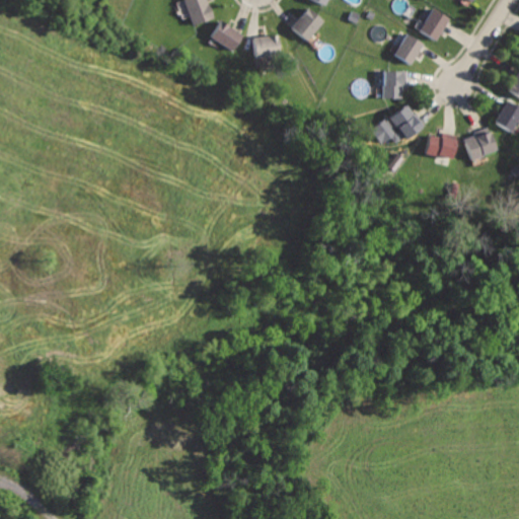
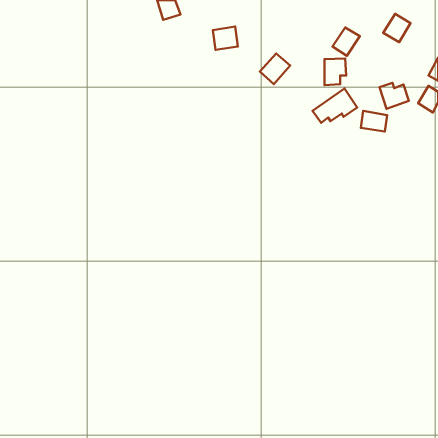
building: [289,7,324,44] -> [260,53,290,84]
building: [419,7,451,41] -> [383,14,410,42]
building: [210,18,245,52] -> none
building: [462,133,497,163] -> [380,83,409,109]

